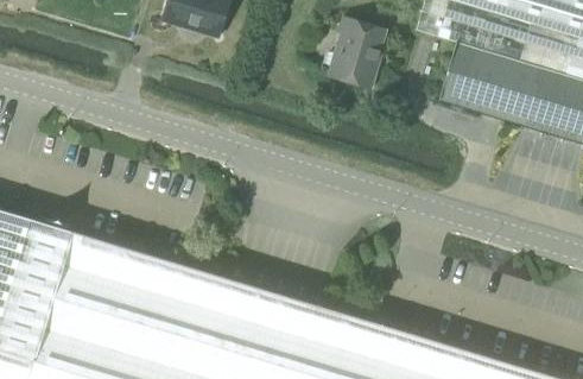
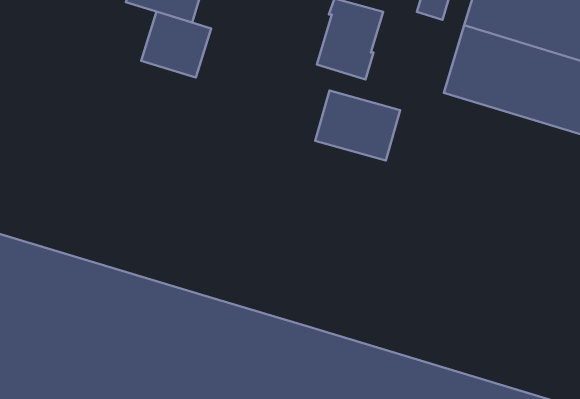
building: none -> [141,12,211,77]
building: none -> [315,91,400,160]

